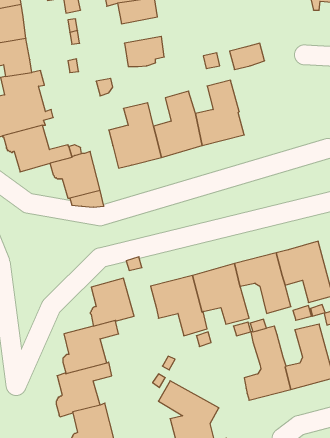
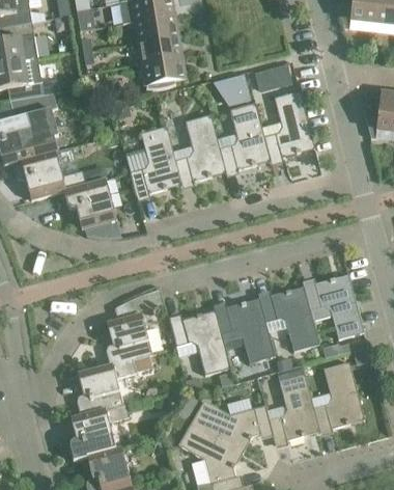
building: none -> [139,35,181,63]
building: none -> [263,90,315,161]
building: none -> [191,400,272,452]

